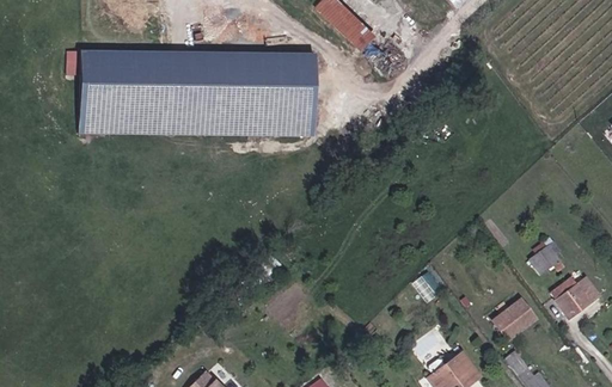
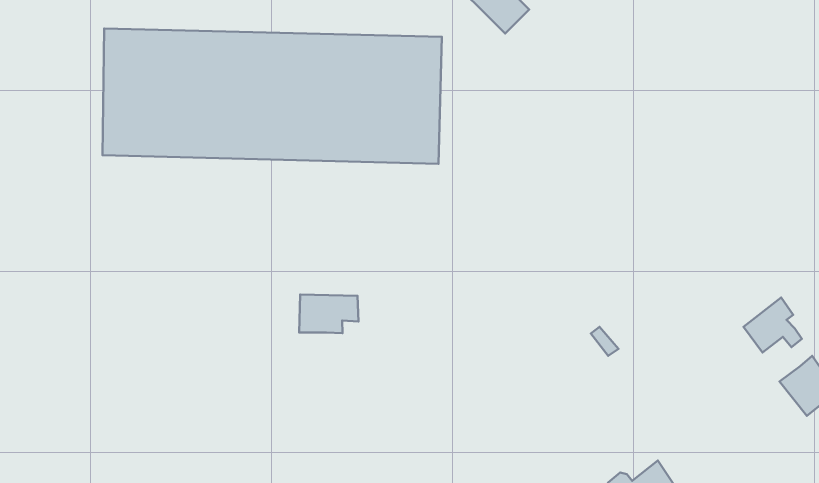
building: none -> [299,294,359,333]
building: [490,295,539,340] -> none

